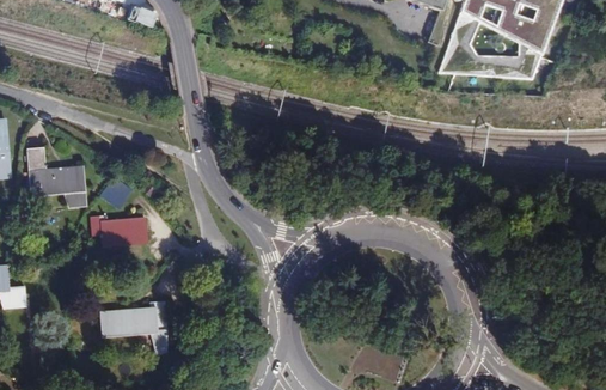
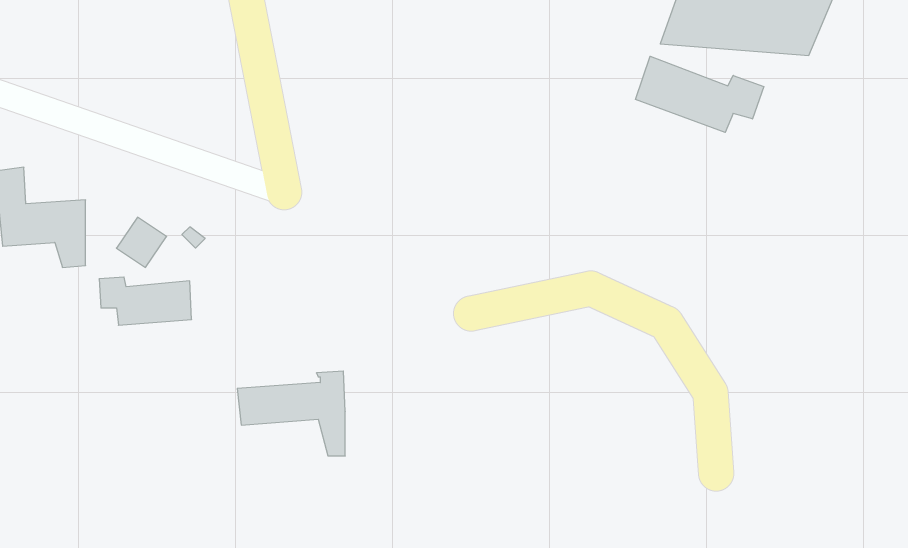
building: none -> [636,56,764,132]
building: [100,300,167,353] -> [237,371,345,456]

